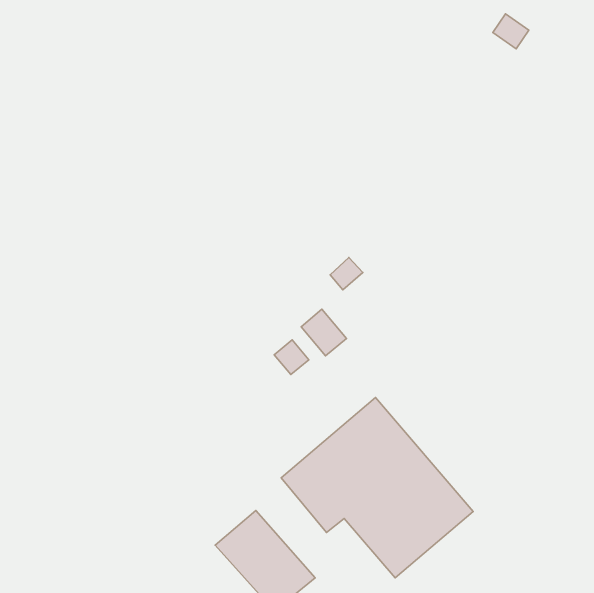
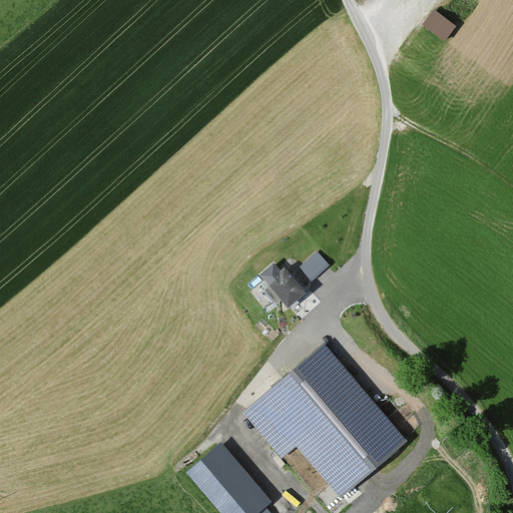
building: [330,257,363,290] -> [297,253,325,282]
building: [274,340,309,375] -> none

